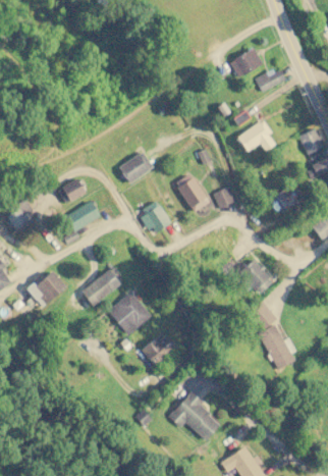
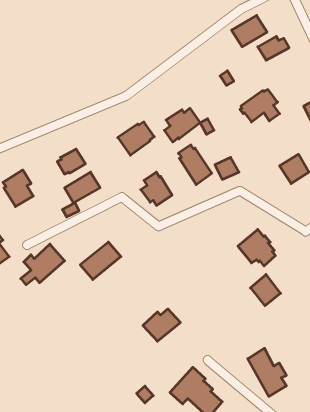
building: none -> [164,108,200,142]
building: [108,292,152,335] -> none
building: [259,324,296,371] -> [248,348,286,396]

